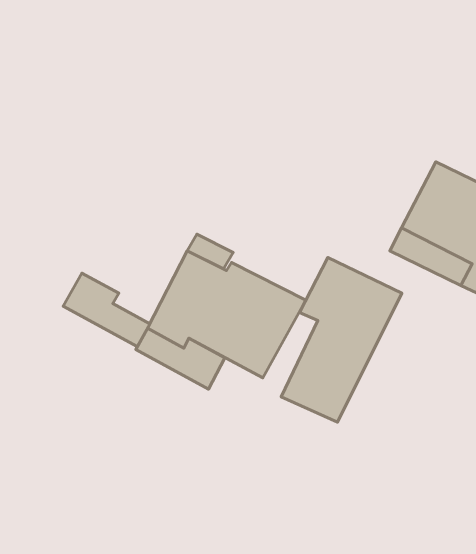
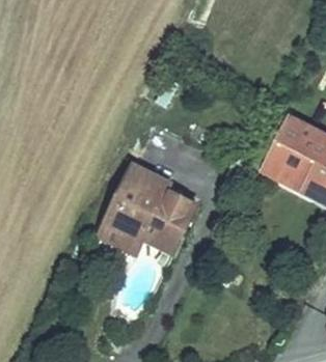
building: [281,257,402,422] -> none
building: [63,273,150,347] -> none

